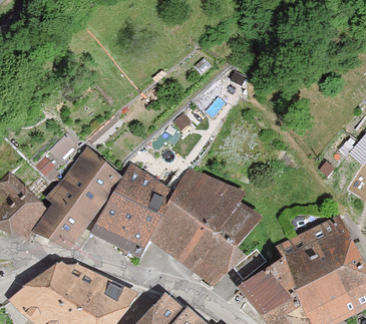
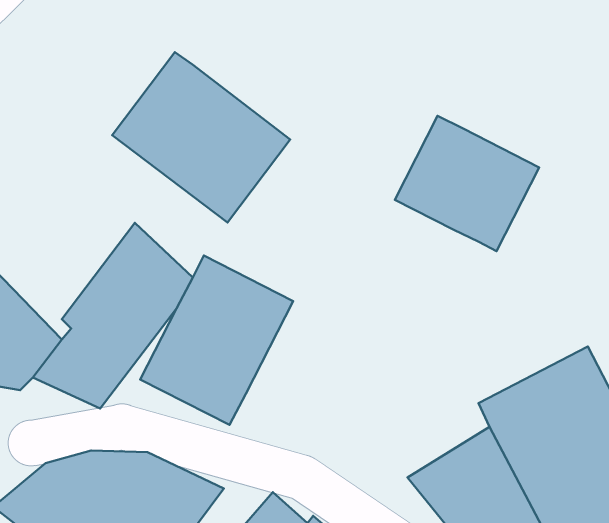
building: none -> [112,52,290,222]
building: none -> [395,116,539,251]
building: [148,168,262,287] -> none

